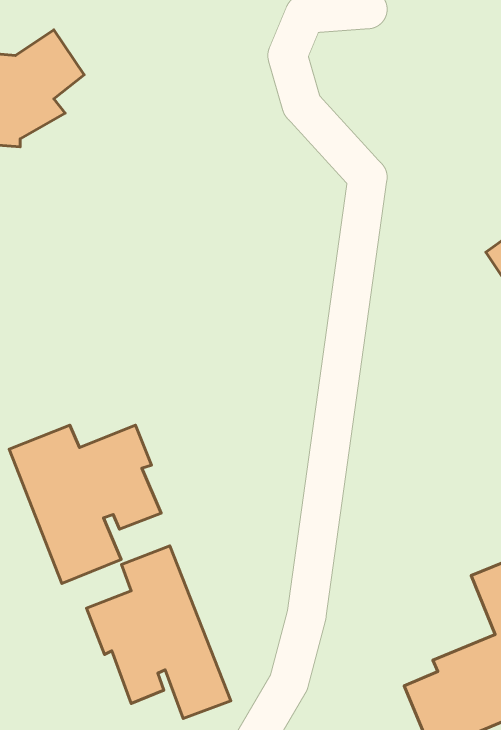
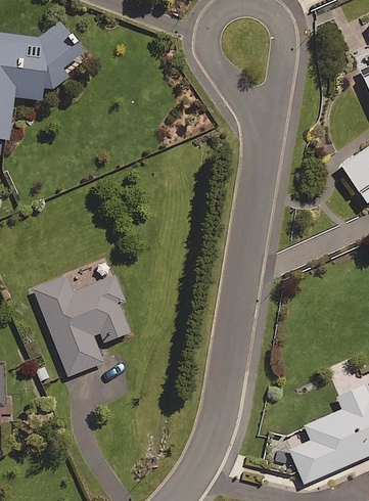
building: [86,546,231,719] -> none

